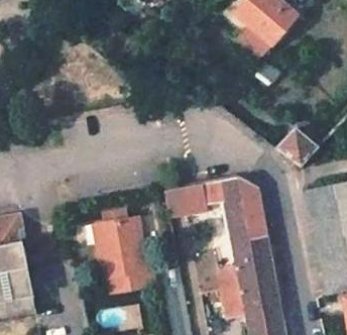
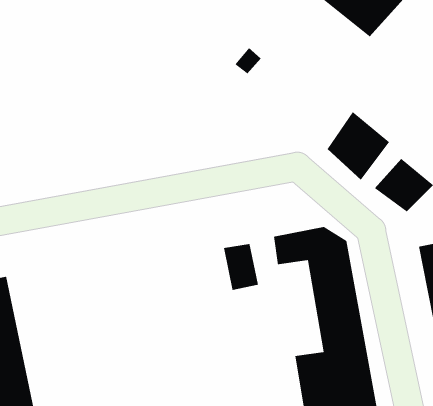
building: none -> [327,111,390,180]
building: [93,217,157,295] -> none

